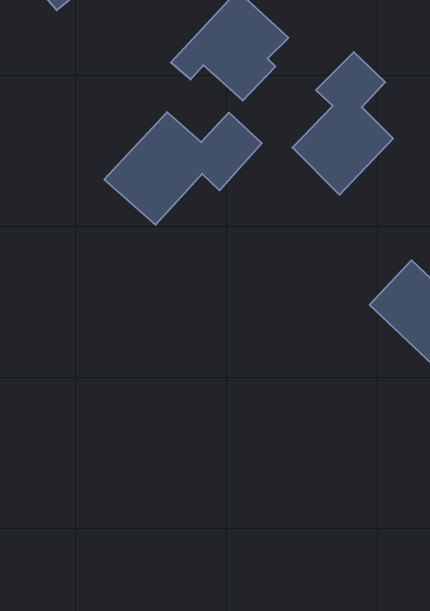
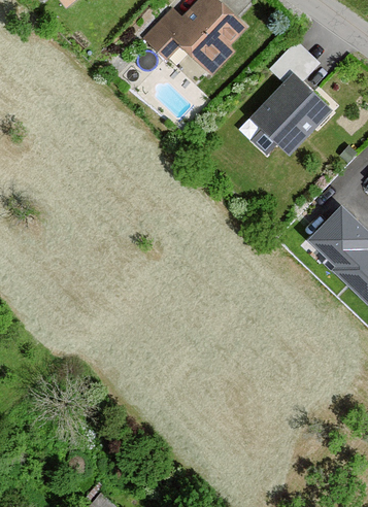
building: [104,112,262,225] -> none

